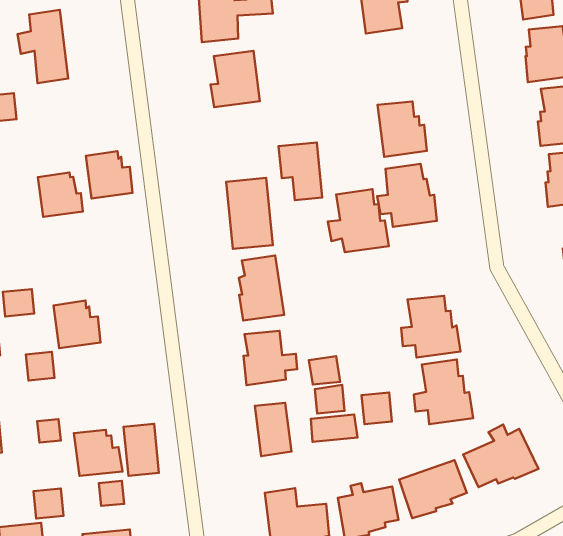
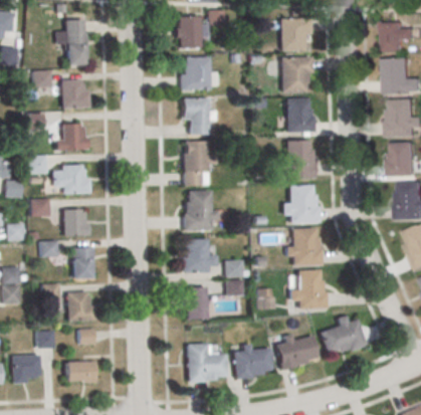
building: none -> [283,57,313,93]
building: [279,142,322,200] -> [182,98,207,135]
building: [86,151,133,198] -> [60,79,88,109]
building: [328,189,389,252] -> [283,185,322,224]
building: none -> [62,166,90,195]
building: [311,414,357,442] -> none
building: [124,424,159,476] -> [73,245,93,277]

